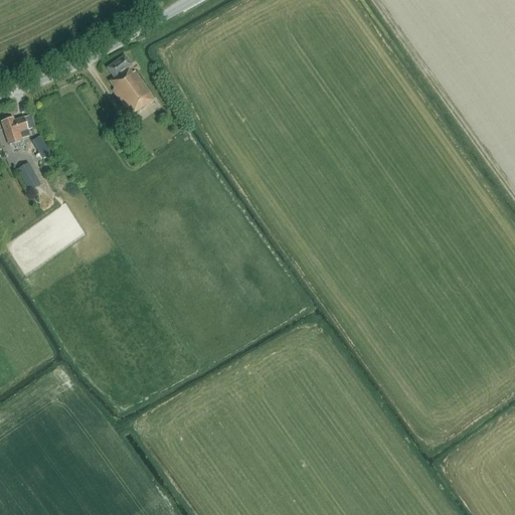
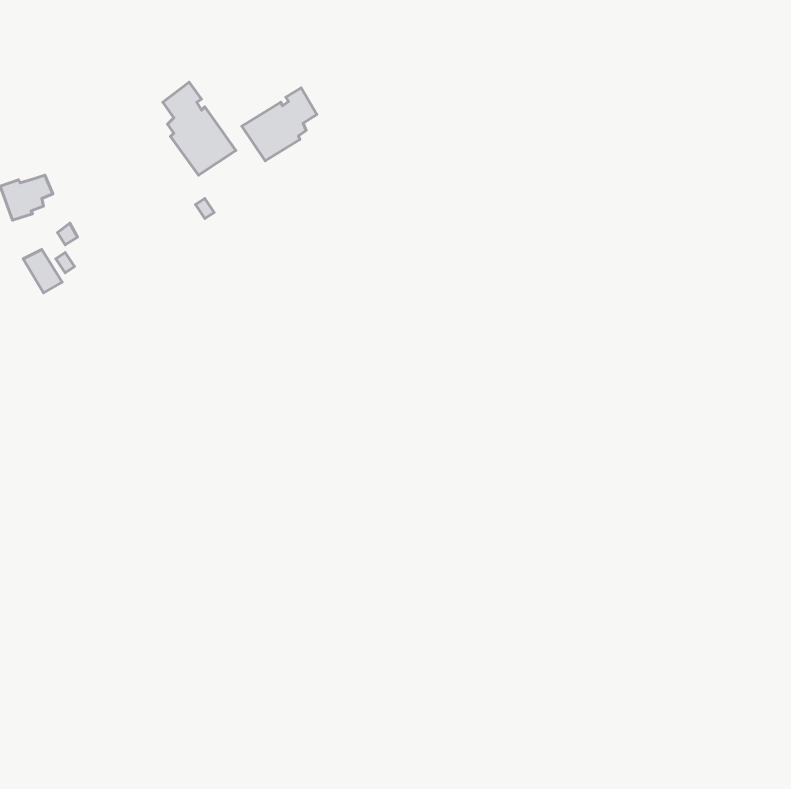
building: none -> [242,88,317,161]

